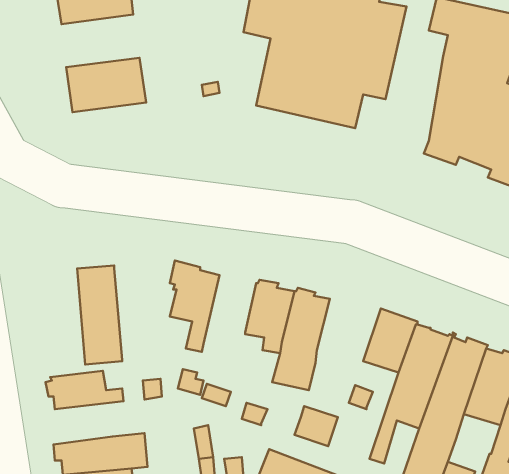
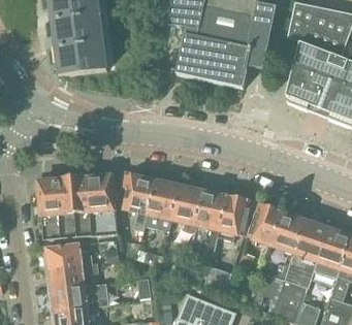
building: none -> [53,12,103,46]
building: none -> [87,172,117,238]
building: none -> [35,176,68,240]
building: none -> [146,178,179,230]
building: none -> [217,194,250,240]
building: none -> [46,261,98,290]

